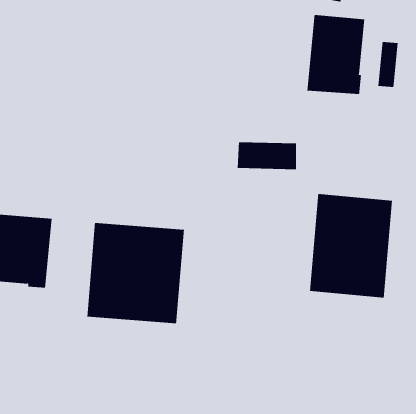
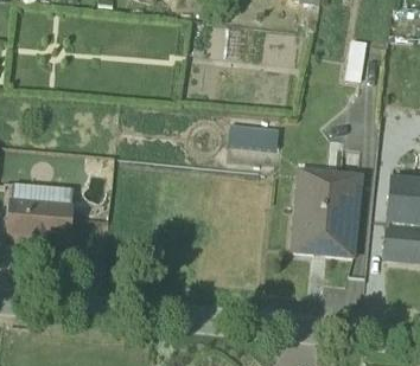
building: [307,14,365,95] -> none
building: [87,222,184,324] -> none

